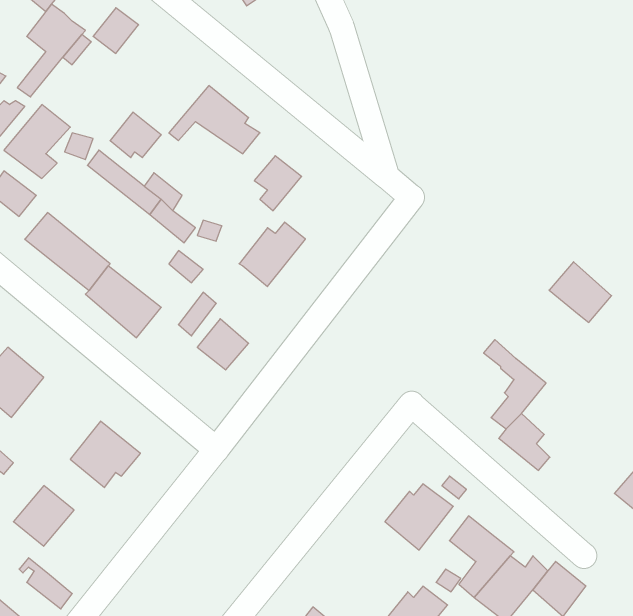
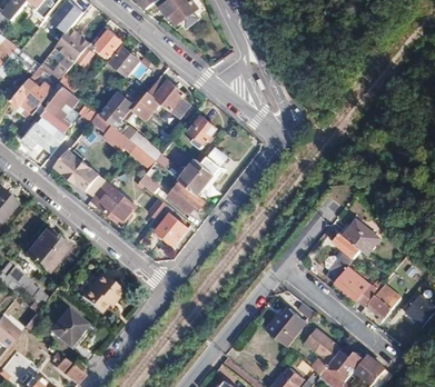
building: none -> [110,46,144,75]
building: [549,262,612,322] -> [343,219,379,255]
building: none -> [171,181,207,211]
building: none -> [367,284,399,316]

